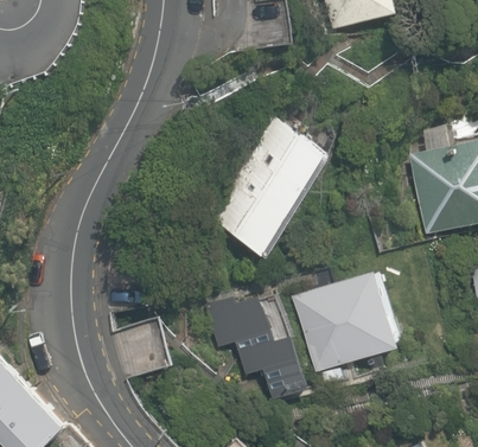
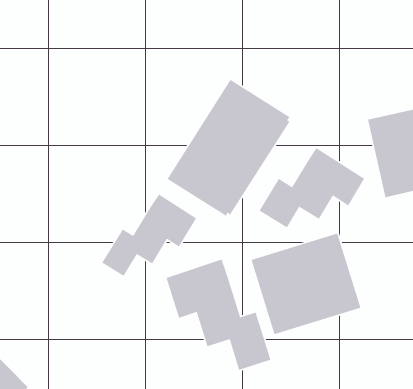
building: none -> [259,147,365,229]
building: none -> [101,194,197,277]

